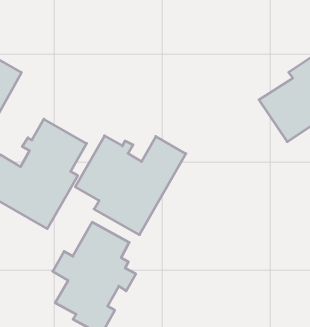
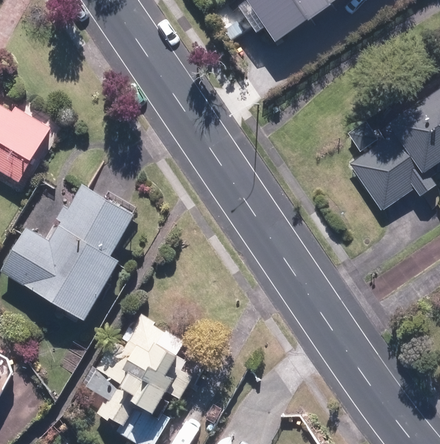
building: [75,136,186,235] -> none

